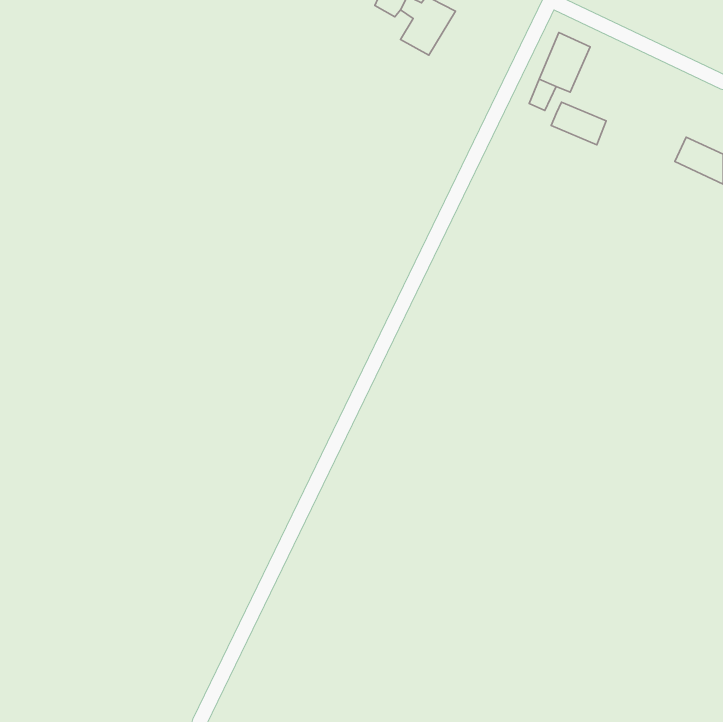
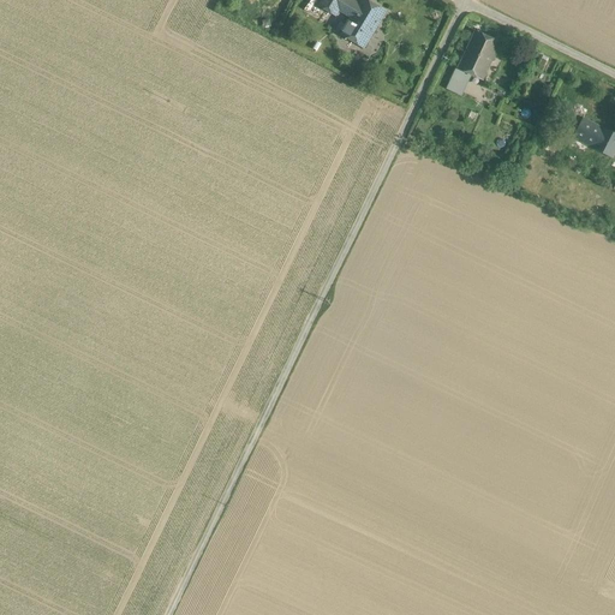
building: [551,102,606,145] -> none

